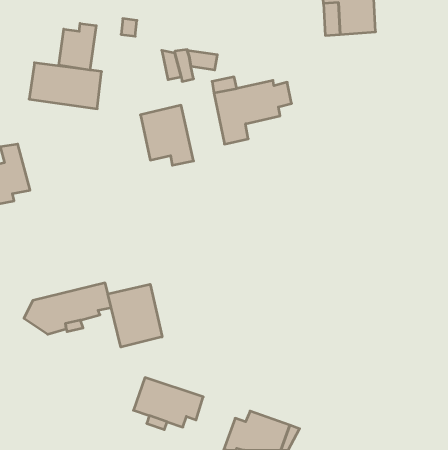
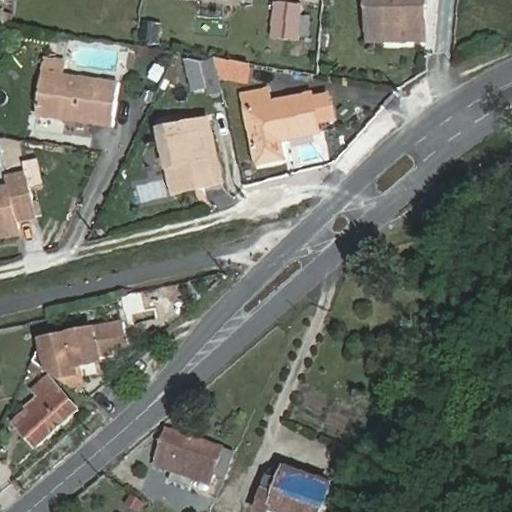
building: none -> [271,4,300,39]
building: [59,23,96,70] -> none
building: [108,284,162,347] -> none
building: none -> [18,375,75,446]

